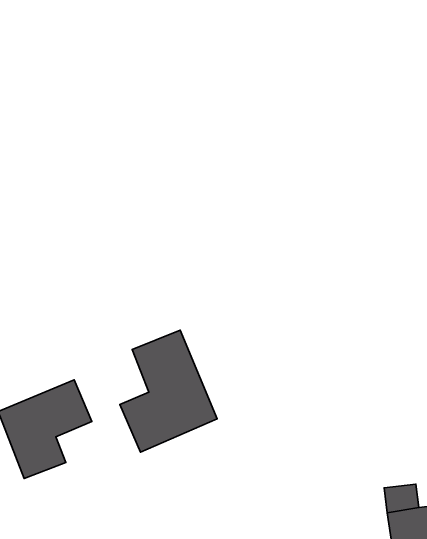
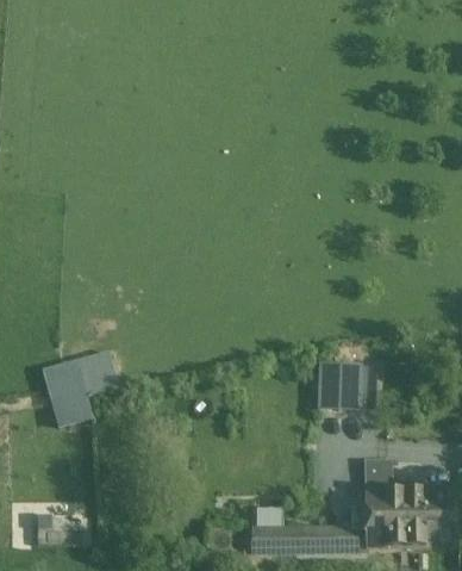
building: [120,330,217,452] -> none
building: none -> [319,360,380,408]

